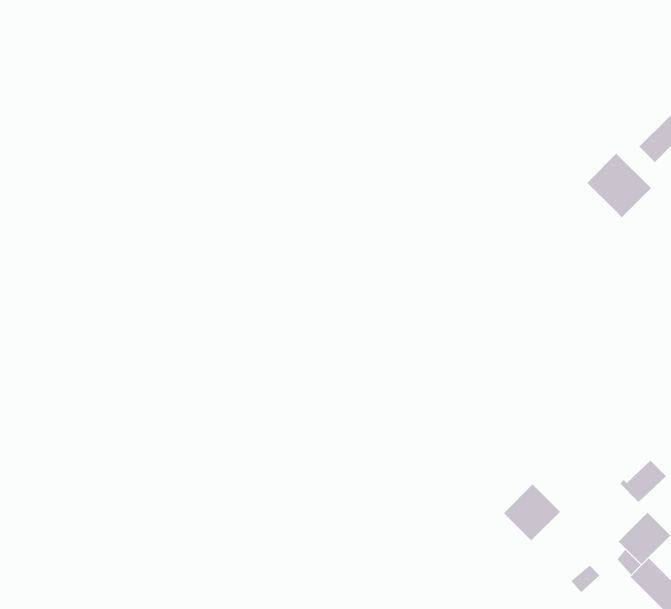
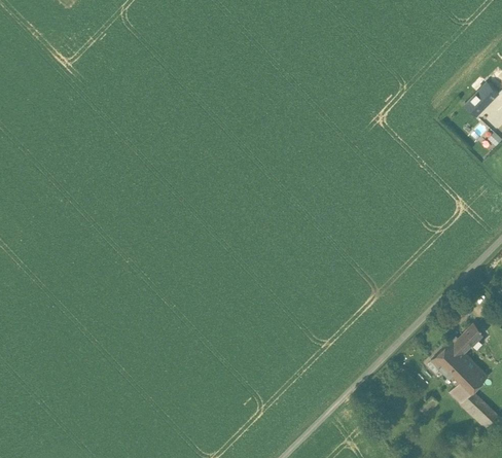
building: [586,153,652,218] -> none
building: [503,484,561,541] -> [431,339,471,379]

